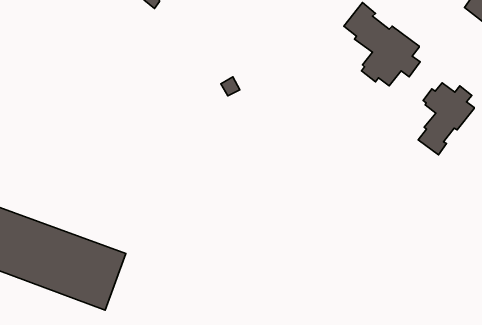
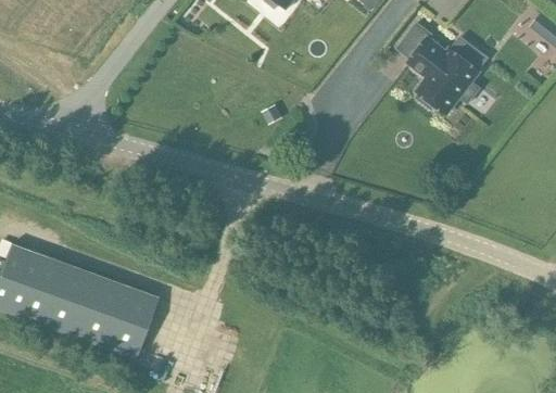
building: [418,83,474,155] -> none

